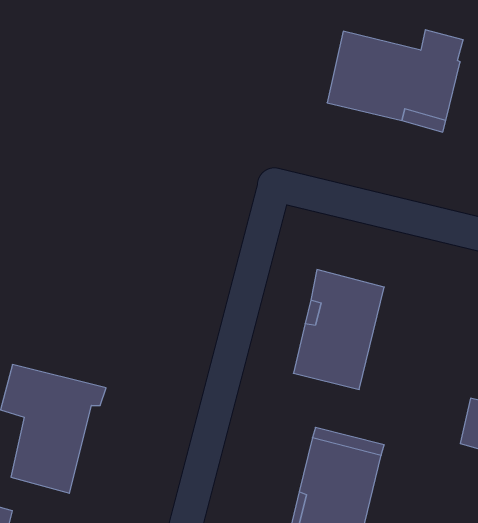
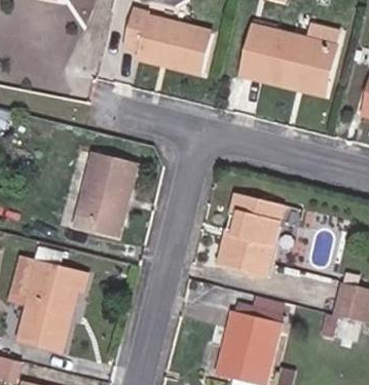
building: none -> [122,8,211,74]
building: none -> [75,152,136,239]

